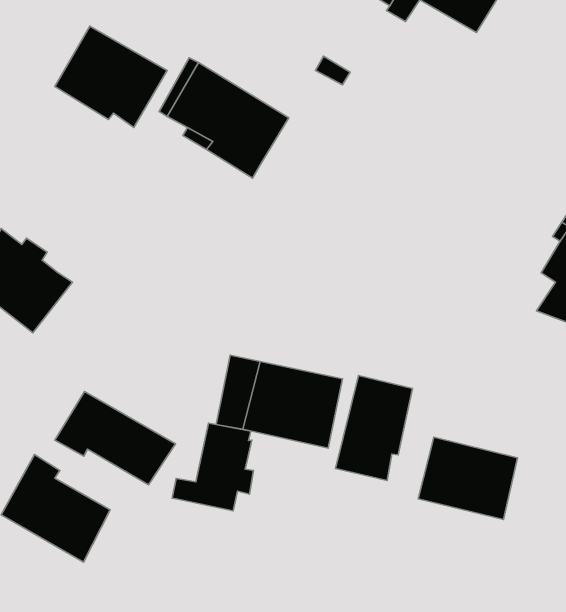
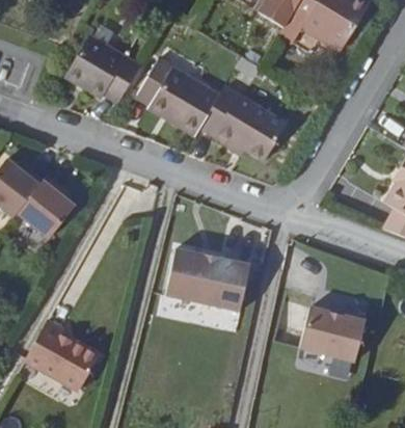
building: none -> [197,85,281,159]
building: [336,375,413,481] -> none
building: [55,391,175,485] -> none
building: [172,423,254,511] -> none

